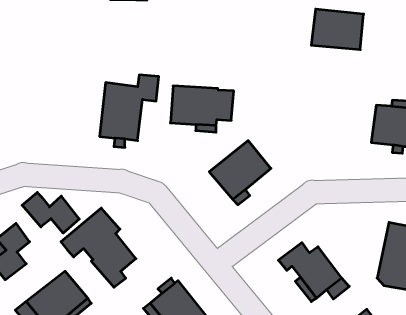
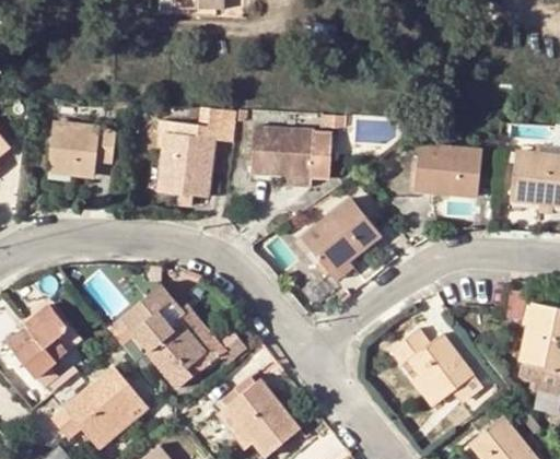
building: [311,9,364,50] -> [415,143,482,196]
building: none -> [48,123,115,176]
building: [22,192,79,233] -> none
building: none -> [179,307,224,375]

